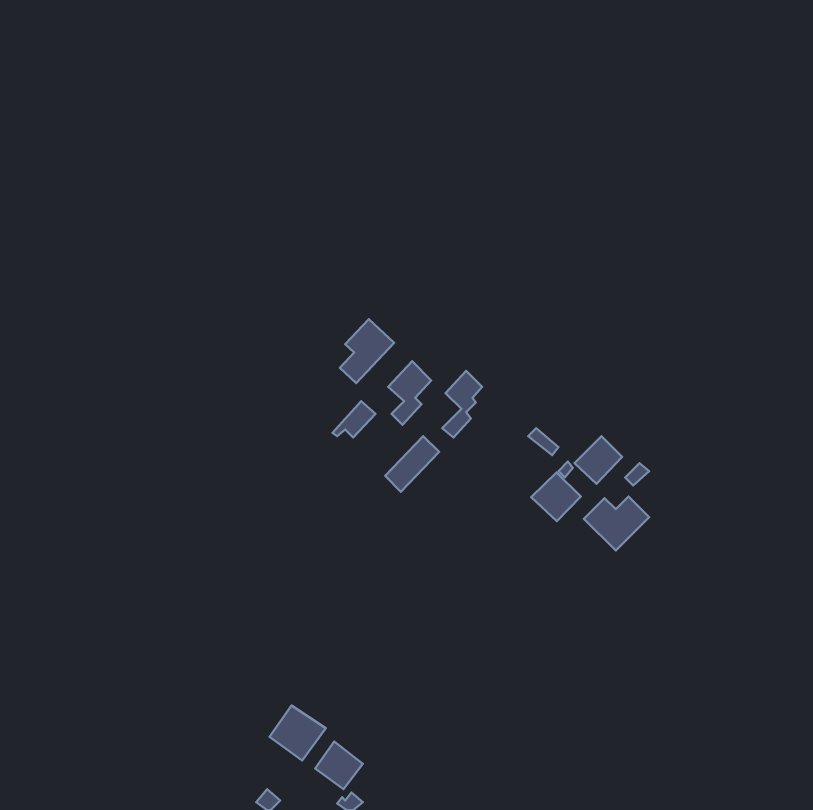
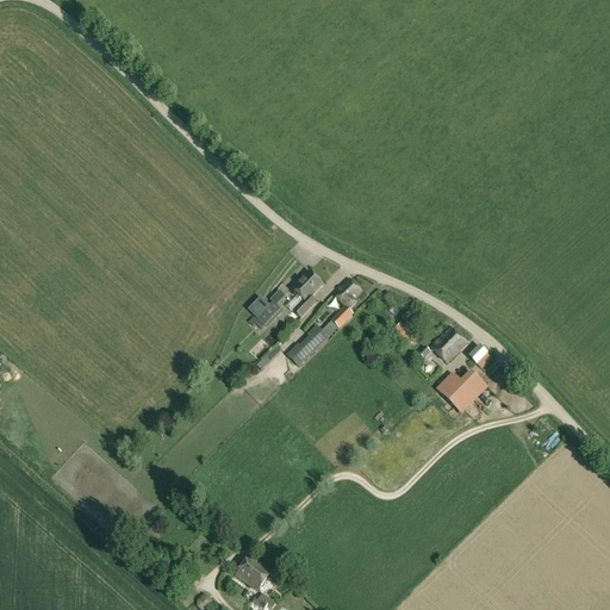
building: [340,319,394,383] -> none
building: [531,472,581,521] -> none
building: [269,705,326,760] -> none

